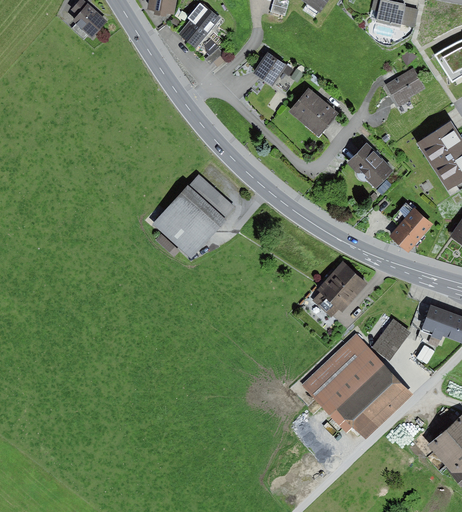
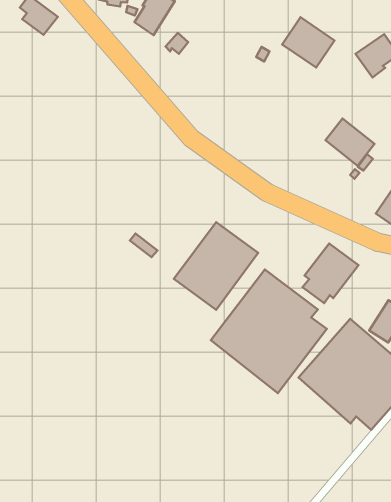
building: [253,52,294,86] -> none
building: [290,87,340,136] -> [282,17,335,68]
building: [154,174,236,257] -> [174,222,258,310]
building: none -> [211,269,327,393]

